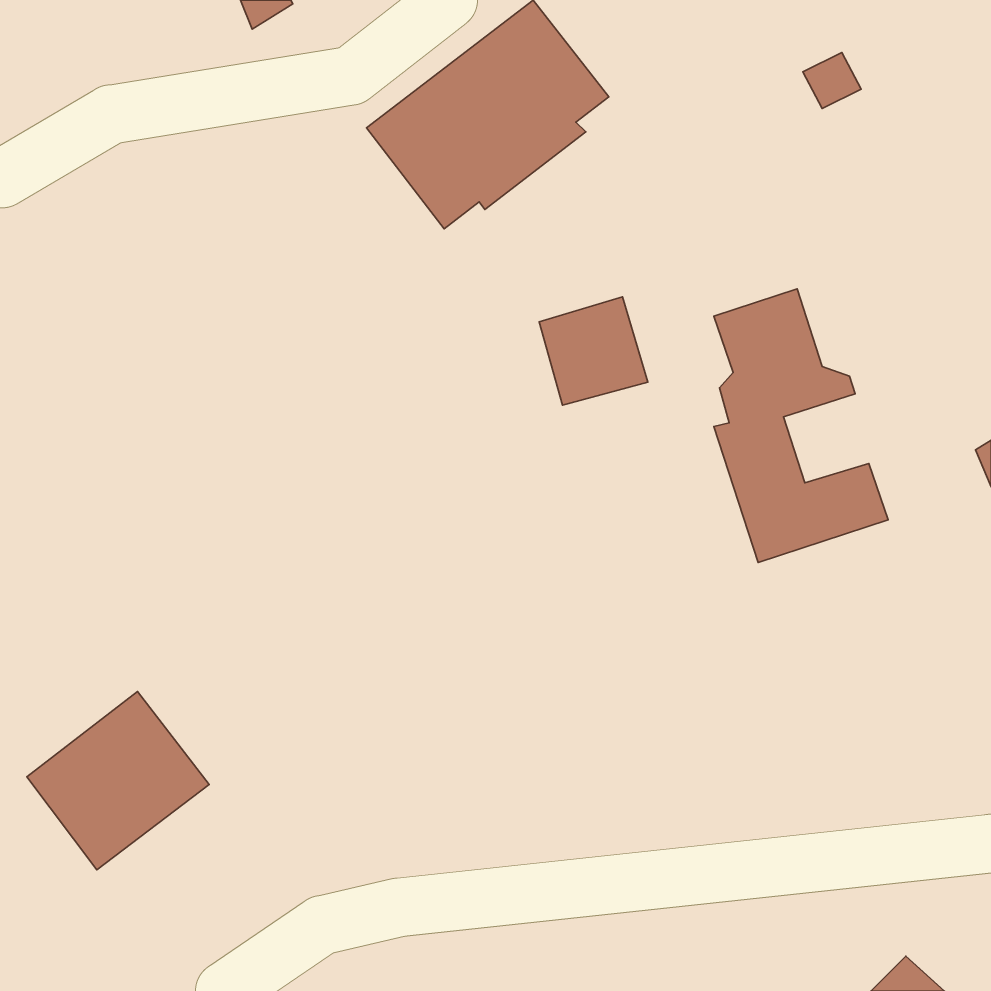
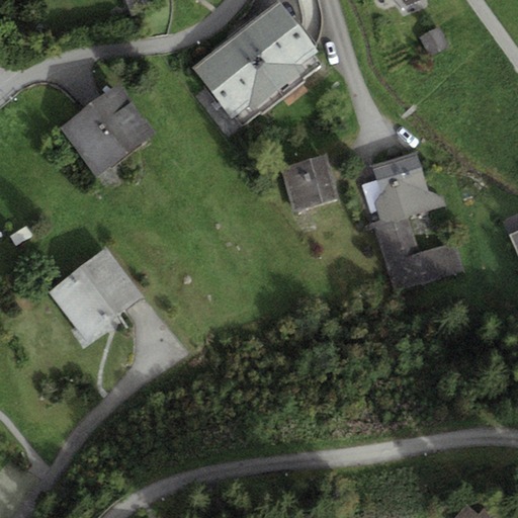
building: none -> [61,83,156,176]
building: [27,691,209,870] -> [49,248,144,341]

